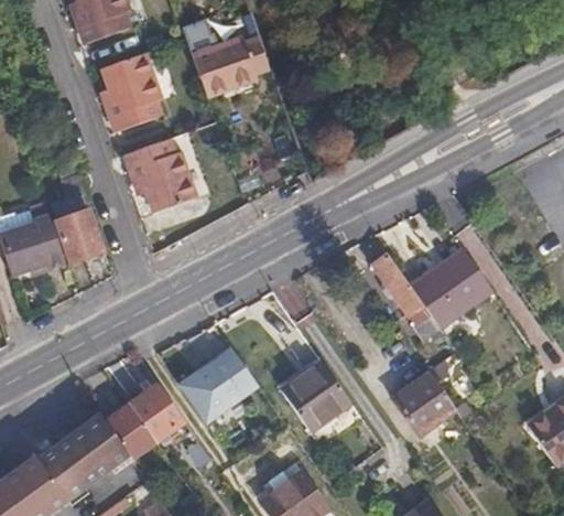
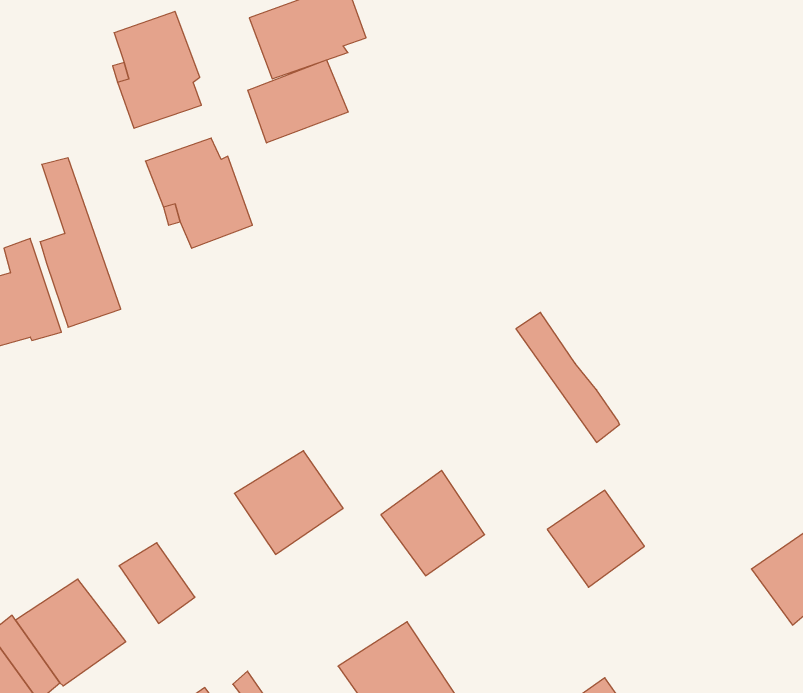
building: none -> [248,60,348,143]
building: [410,251,489,326] -> none
building: [130,386,210,467] -> none
building: [77,418,129,474] -> none

